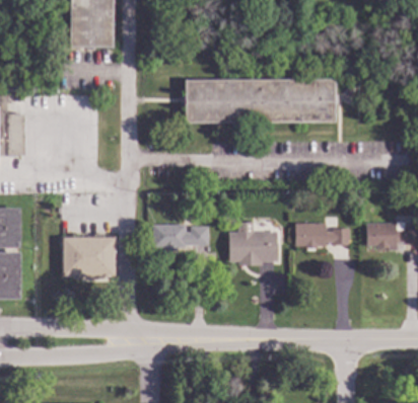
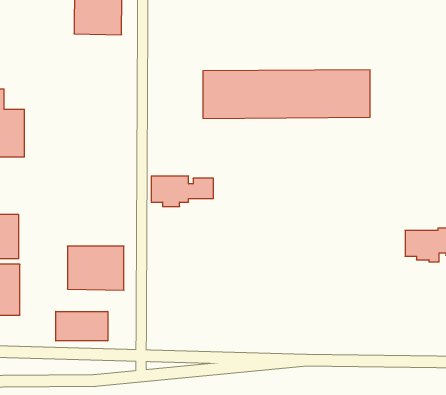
building: [229,222,278,265] -> none
building: [295,223,350,249] -> none
building: [153,224,209,251] -> [151,176,213,207]
building: none -> [56,311,108,341]

